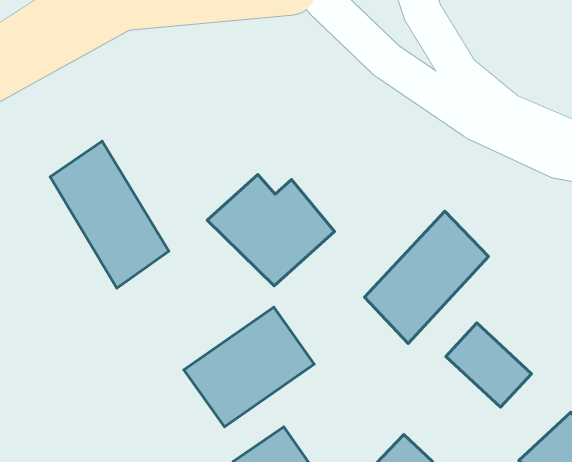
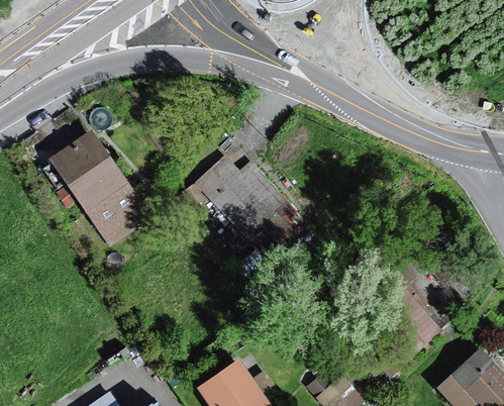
building: [365,211,488,344] -> none
building: [184,307,314,427] -> none

